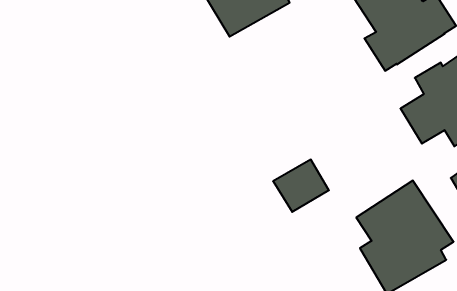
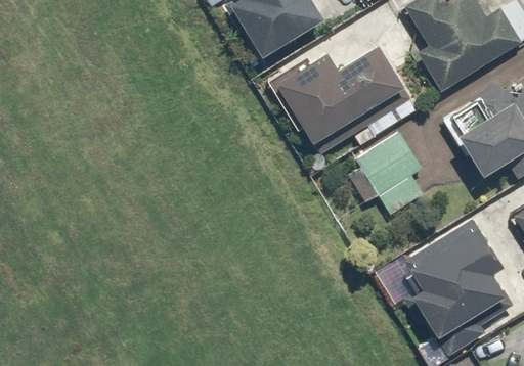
building: none -> [274,44,401,143]
building: [273,160,329,212] -> [358,136,422,195]

